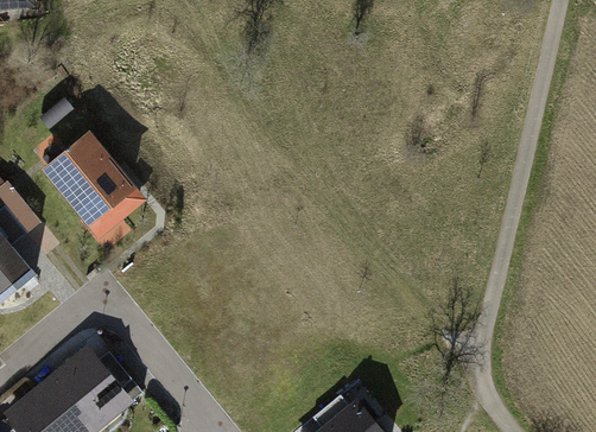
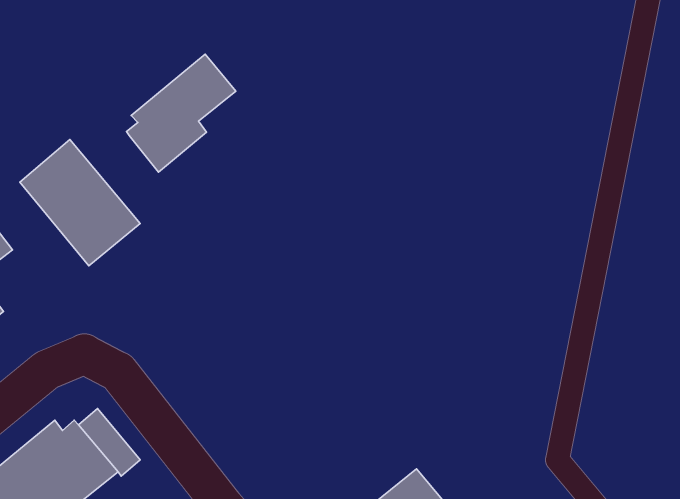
building: none -> [127,54,236,172]

